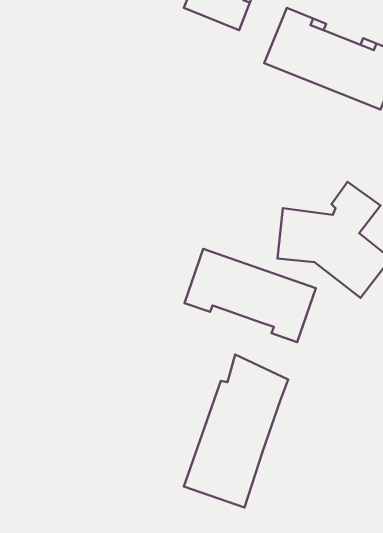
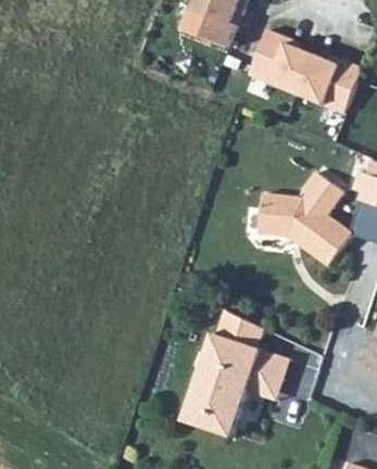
building: [185,249,316,342] -> none
building: none -> [248,351,290,401]

